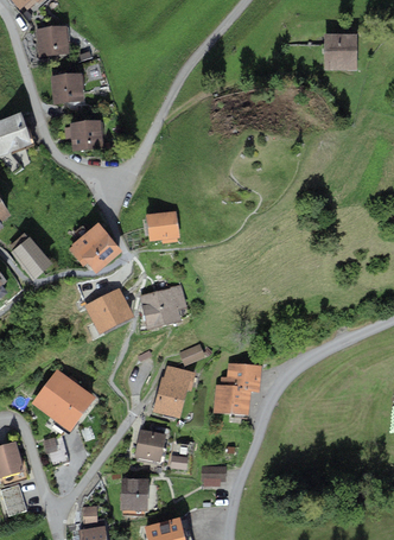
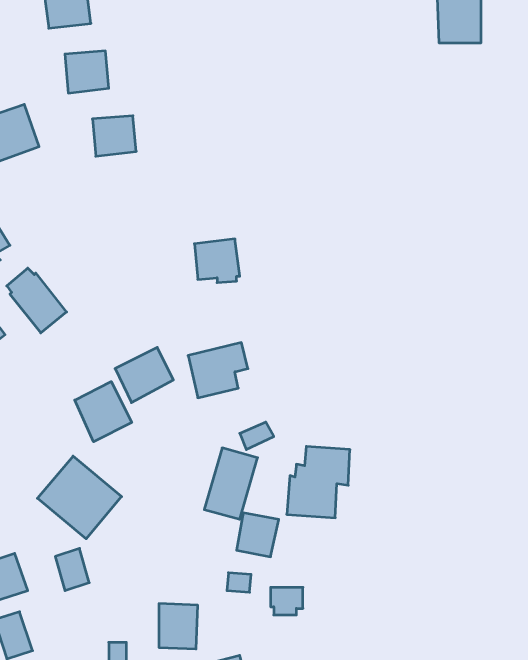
building: [69,222,122,273] -> none
building: none -> [75,382,132,442]
building: [135,430,166,462] -> [237,513,279,557]

